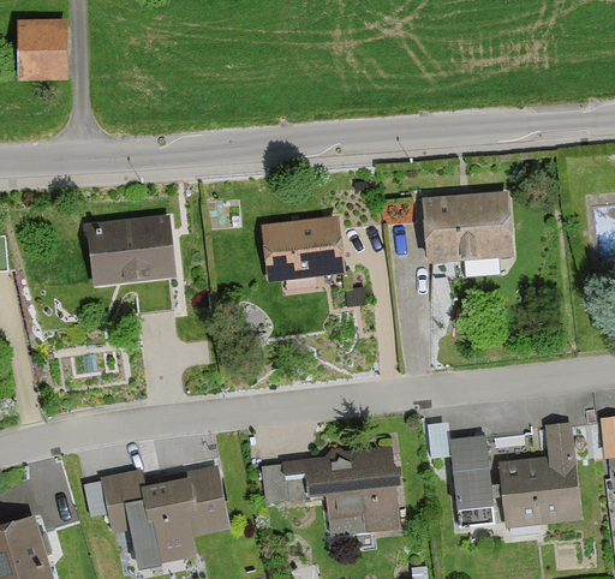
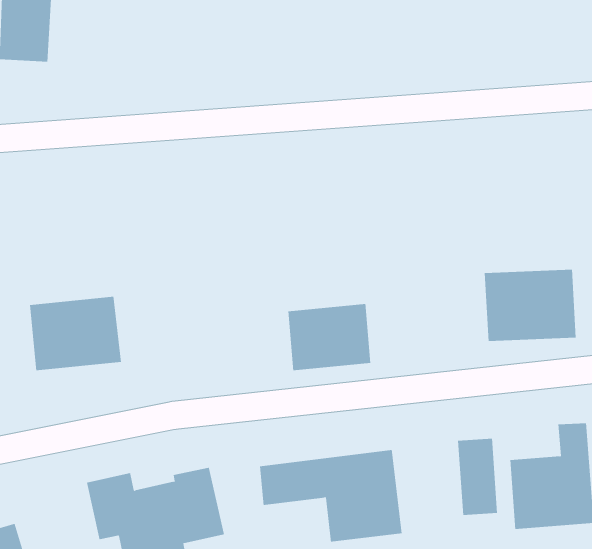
building: [422,193,509,262] -> [484,269,577,342]
building: [85,214,173,285] -> [29,296,122,371]
building: [262,217,341,281] -> [287,303,371,371]

